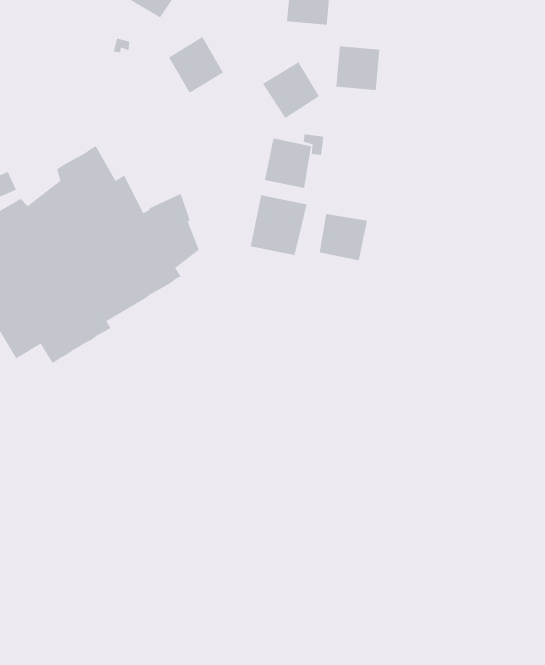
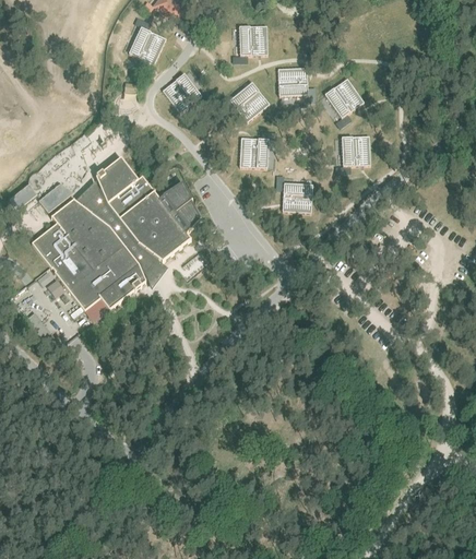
building: none -> [323,78,364,118]
building: none -> [341,135,370,166]
building: [250,195,307,256] -> none

